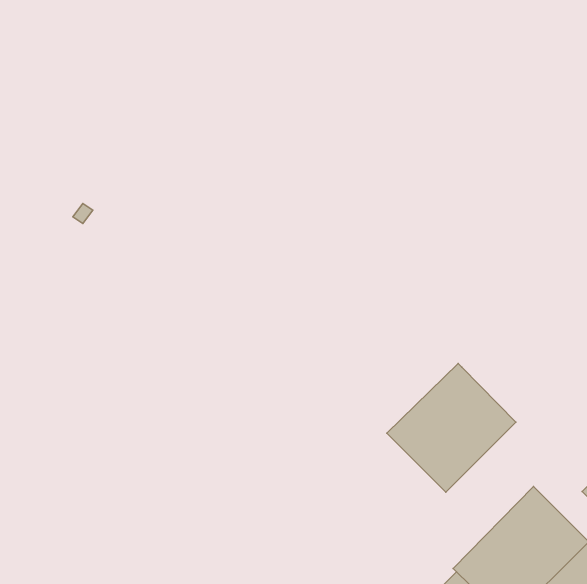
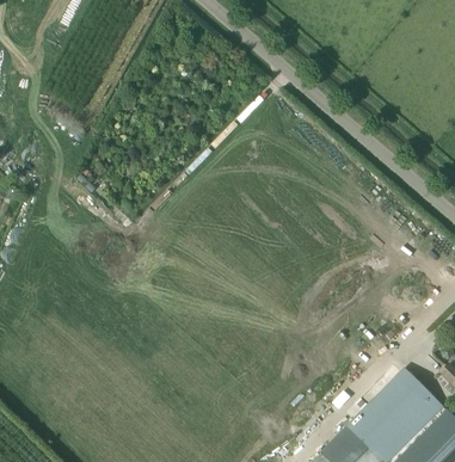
building: [387,363,516,492] -> none

